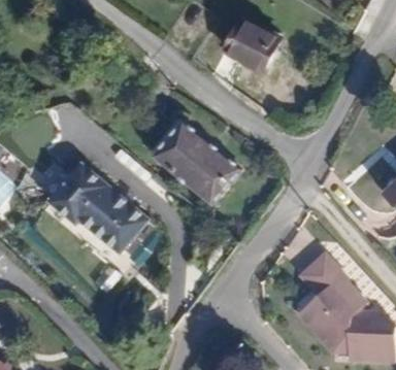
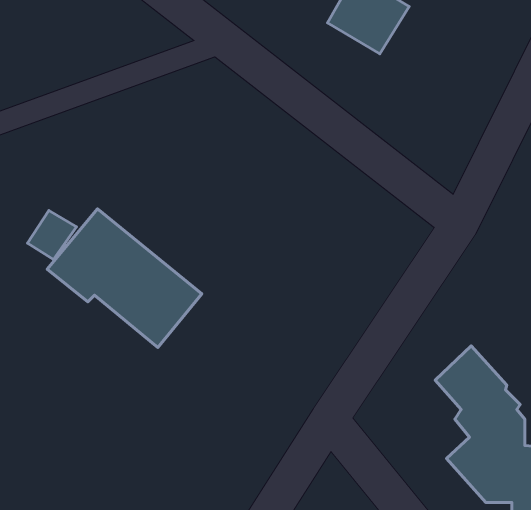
building: [158,116,242,196] -> none

